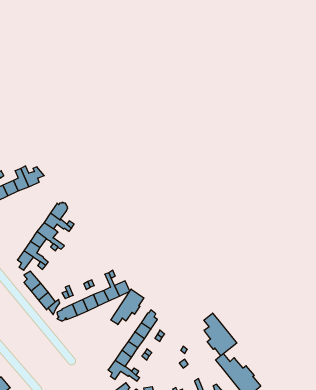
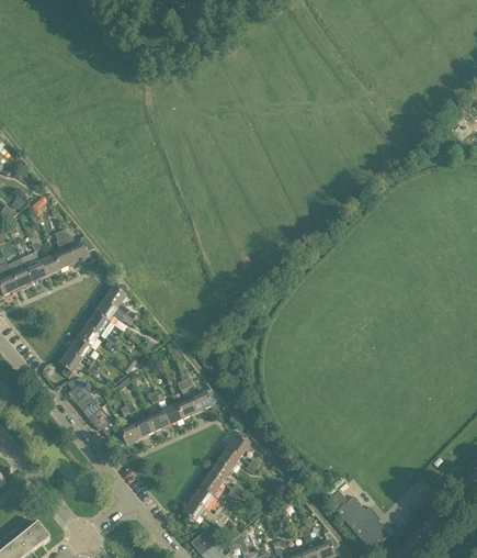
building: [111,289,144,325] -> none
building: [204,313,237,356] -> none

